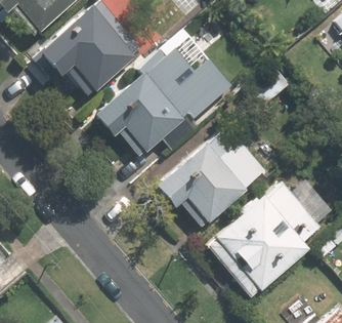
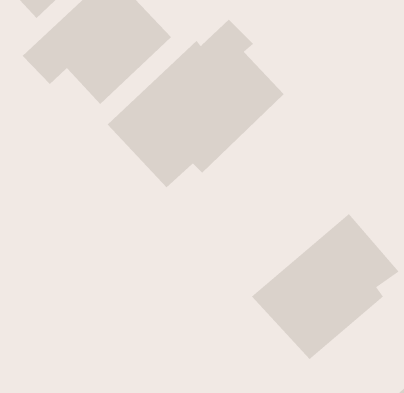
building: [165,123,270,225] -> none

